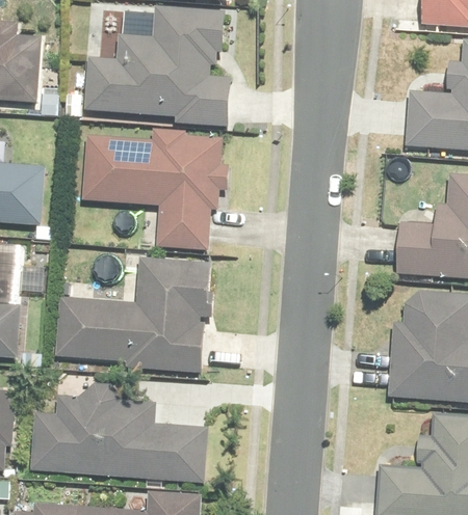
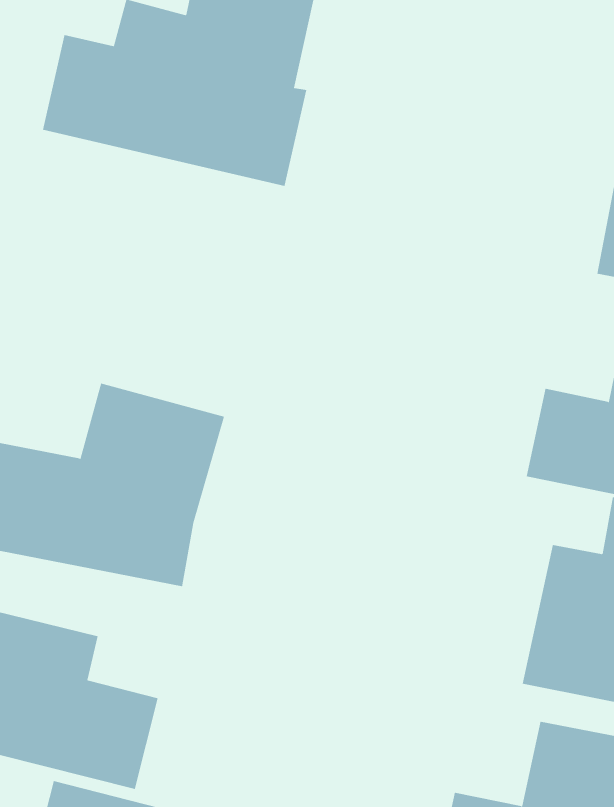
building: [69,136,213,259] -> none

